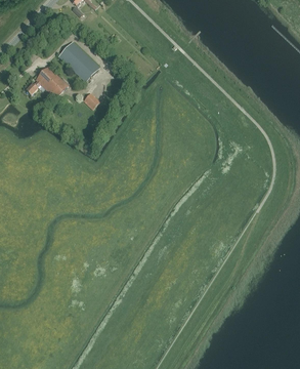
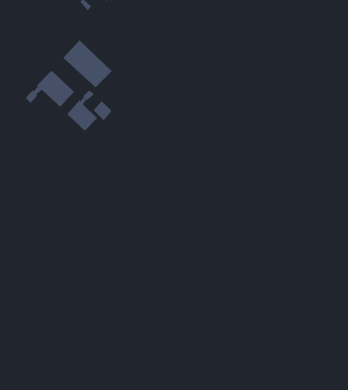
building: none -> [66,89,98,132]

